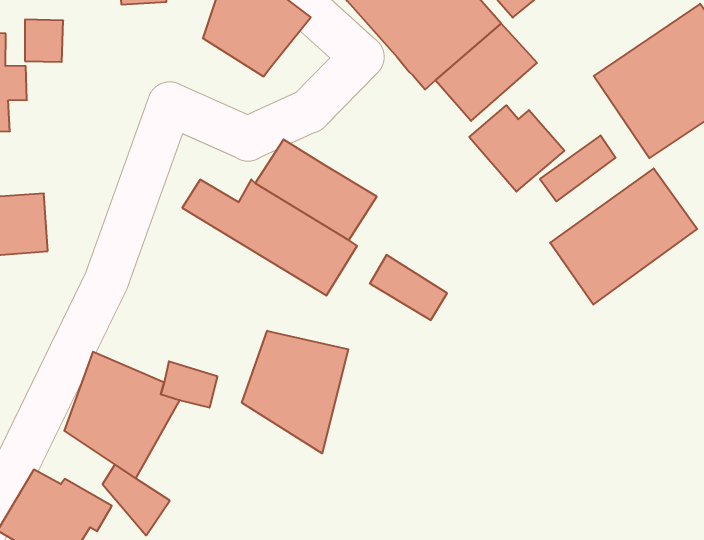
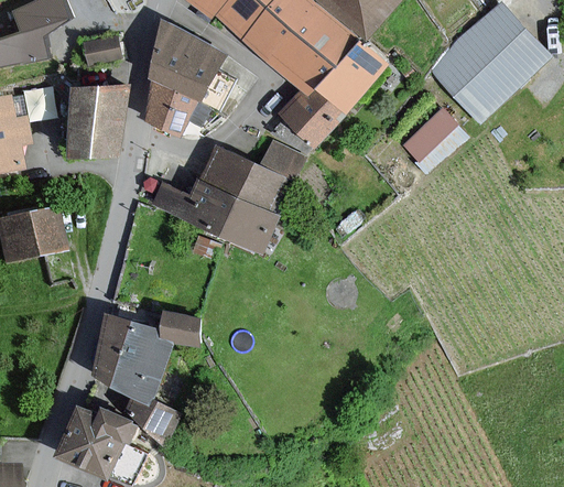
building: none -> [67,88,122,155]
building: none -> [143,80,208,136]
building: [469,105,564,192] -> [280,85,349,145]
building: [550,168,697,305] -> none
building: [370,255,447,320] -> [250,137,306,178]
building: [242,331,348,453] -> none

